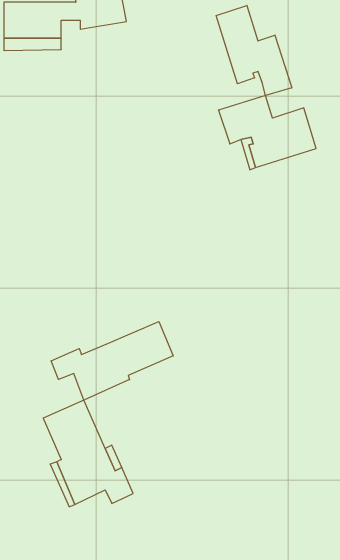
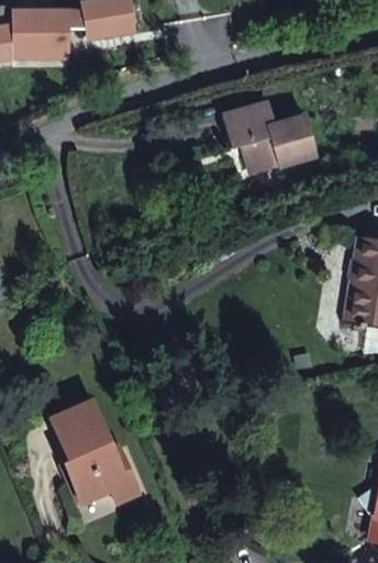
building: [216,5,292,96] -> none
building: [51,322,173,400] -> none

